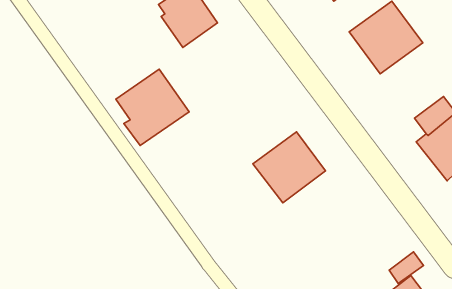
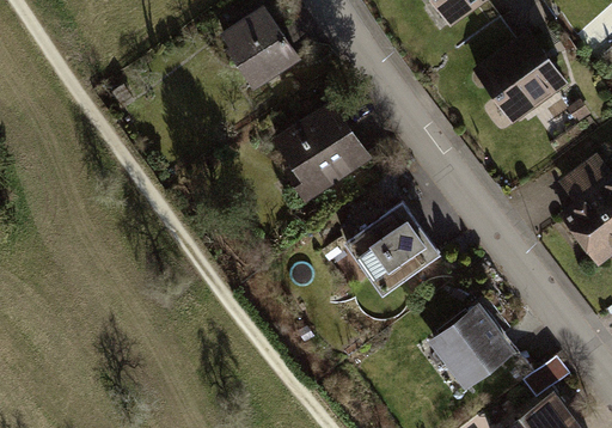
building: [116,69,189,145] -> [274,100,371,201]
building: none -> [429,305,516,391]

